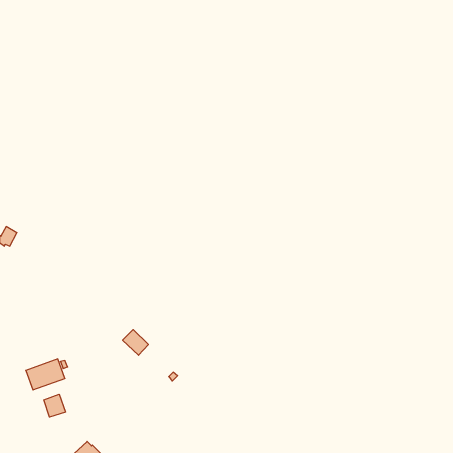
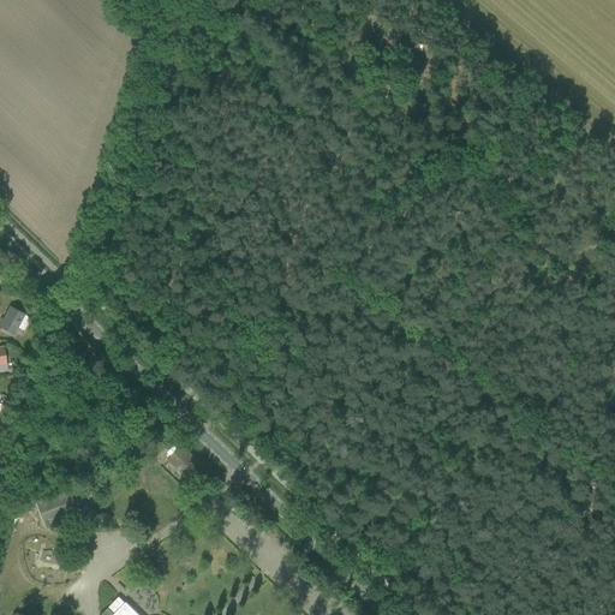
building: [44,394,65,417] -> none

